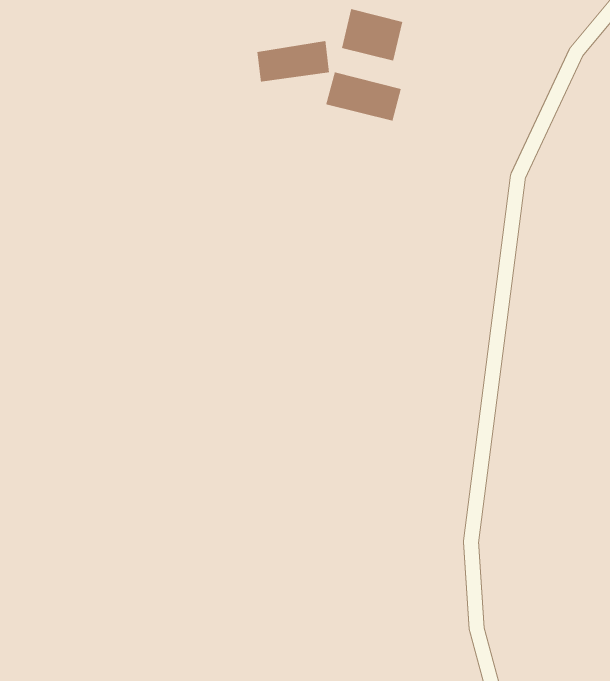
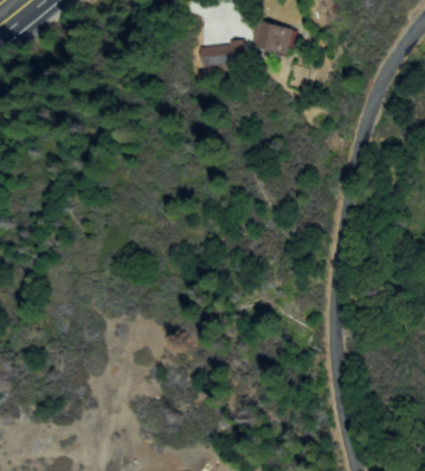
building: [326,72,402,122] -> none

